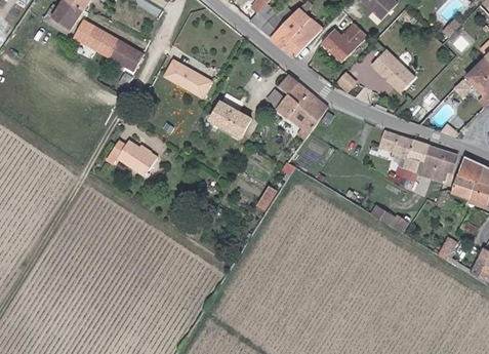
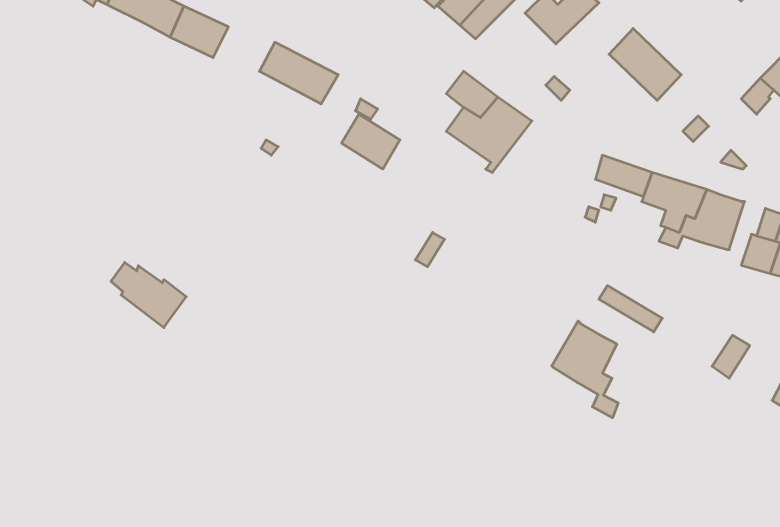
building: [112,136,157,175] -> [111,262,186,328]
building: none -> [552,321,618,418]

